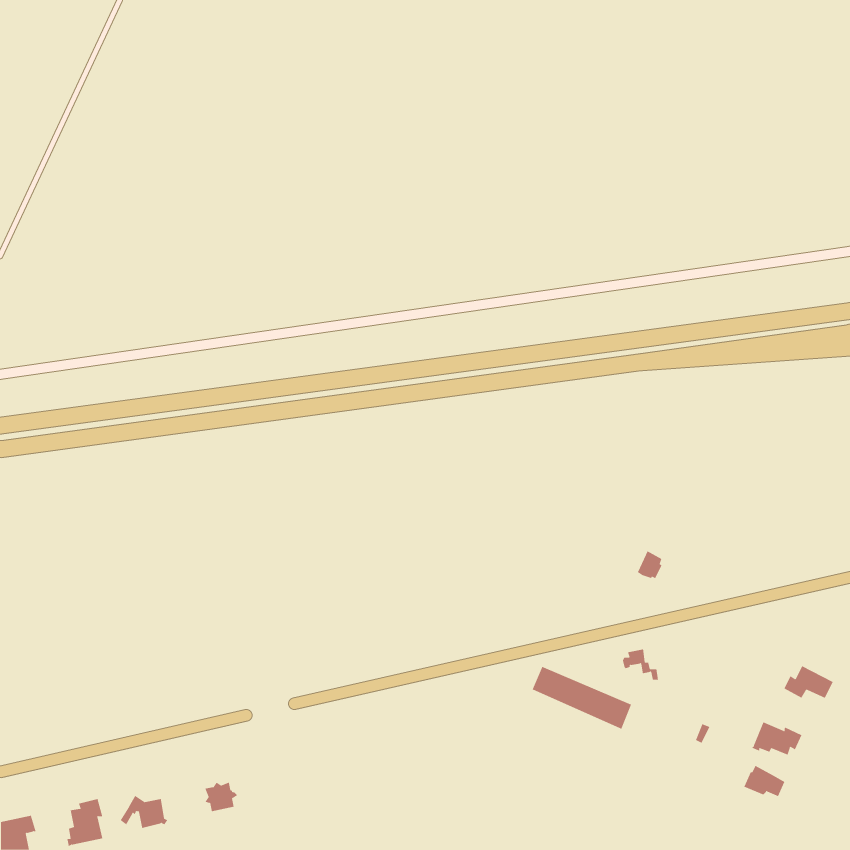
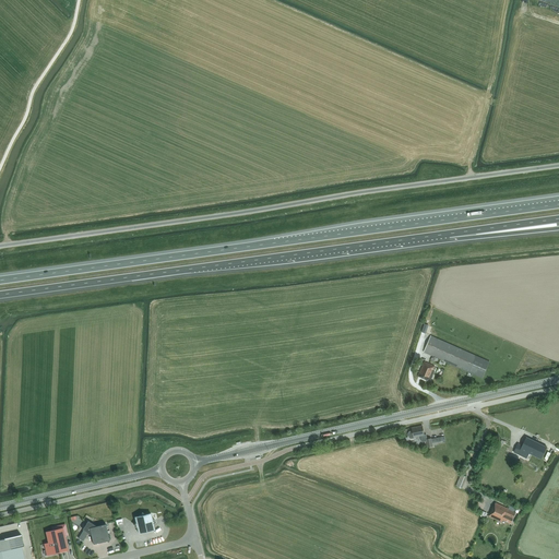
building: [532,666,632,729] -> [424,336,489,378]
building: [751,722,802,755] -> none

